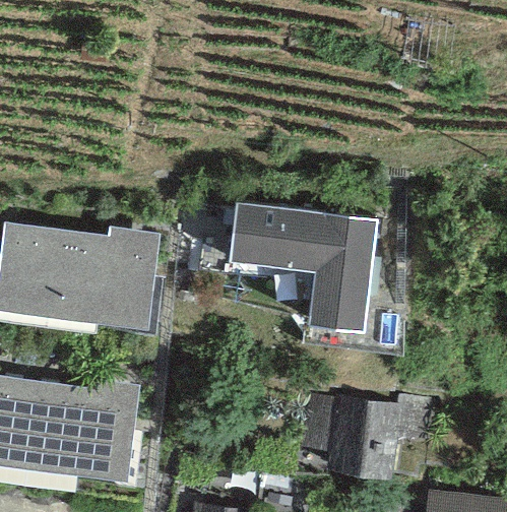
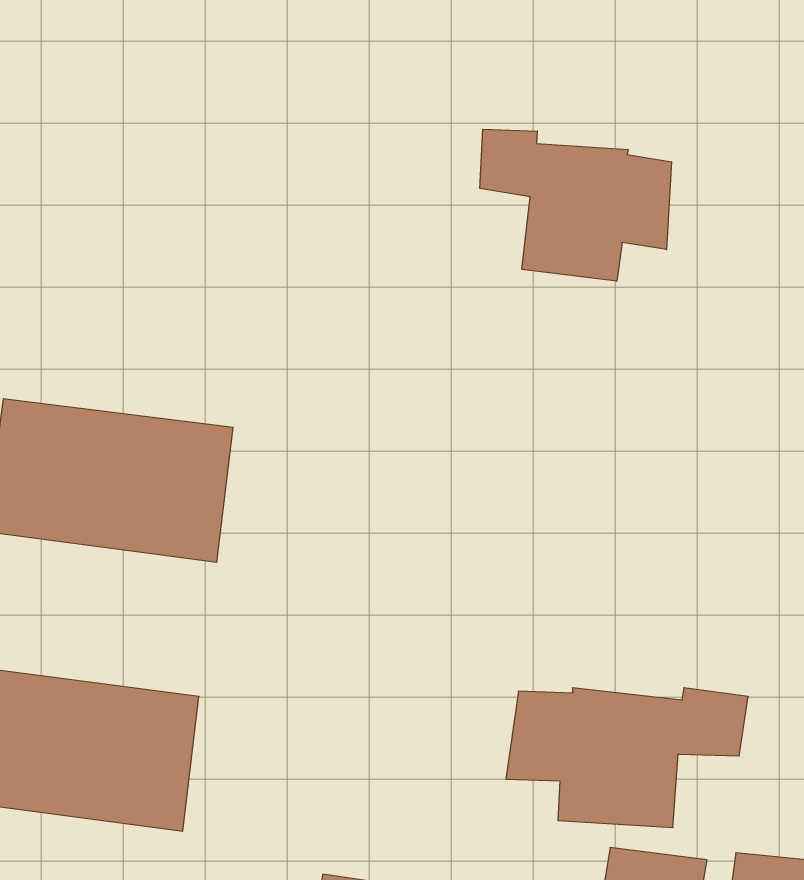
building: none -> [480,129,671,281]
building: [232,207,382,330] -> none

